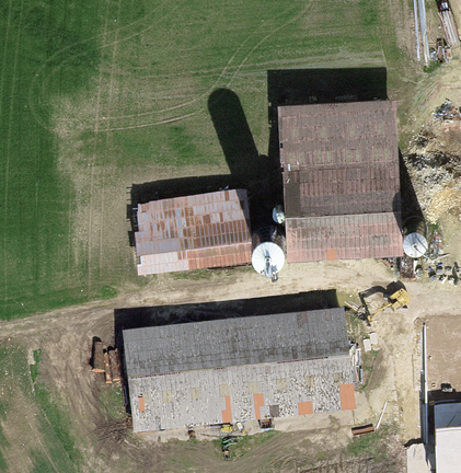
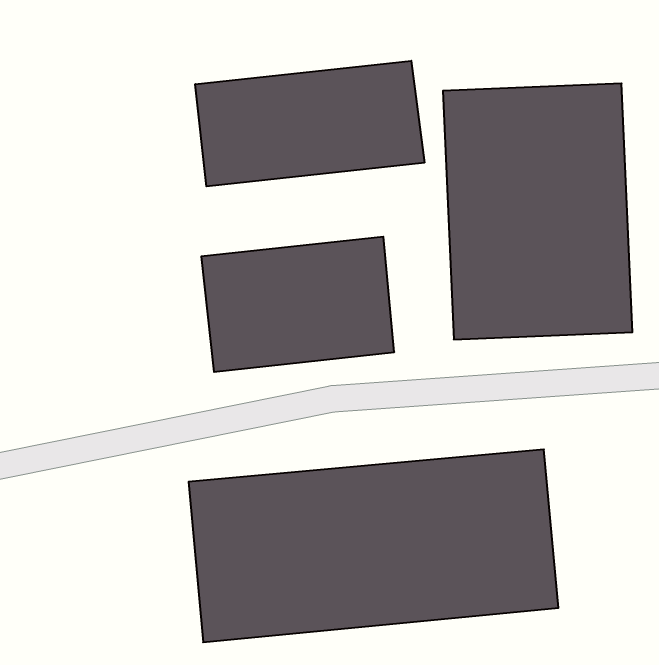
building: none -> [195,61,424,186]

